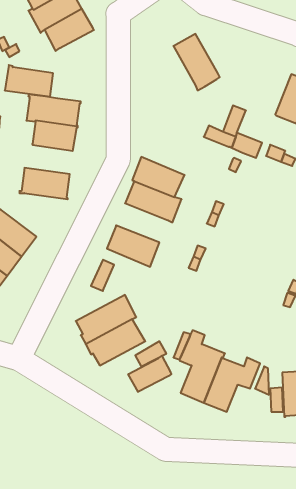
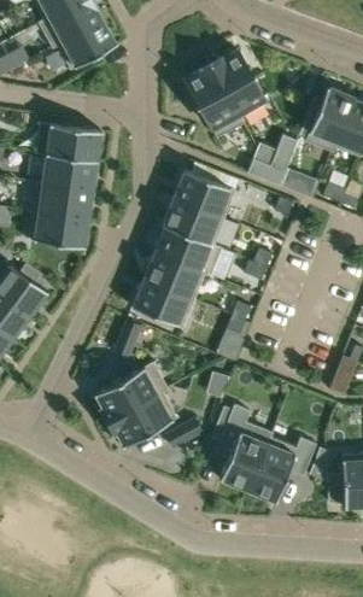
building: none -> [185,64,242,136]
building: [5,65,53,96] -> [33,180,90,217]
building: none -> [304,87,352,151]
building: none -> [172,169,235,218]
building: none -> [142,252,205,299]
building: [128,356,171,392] -> none

